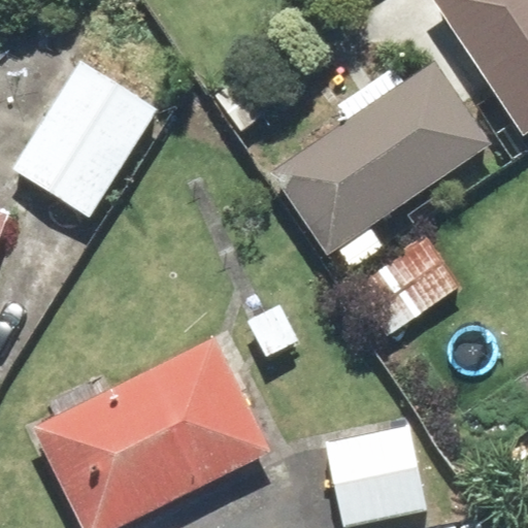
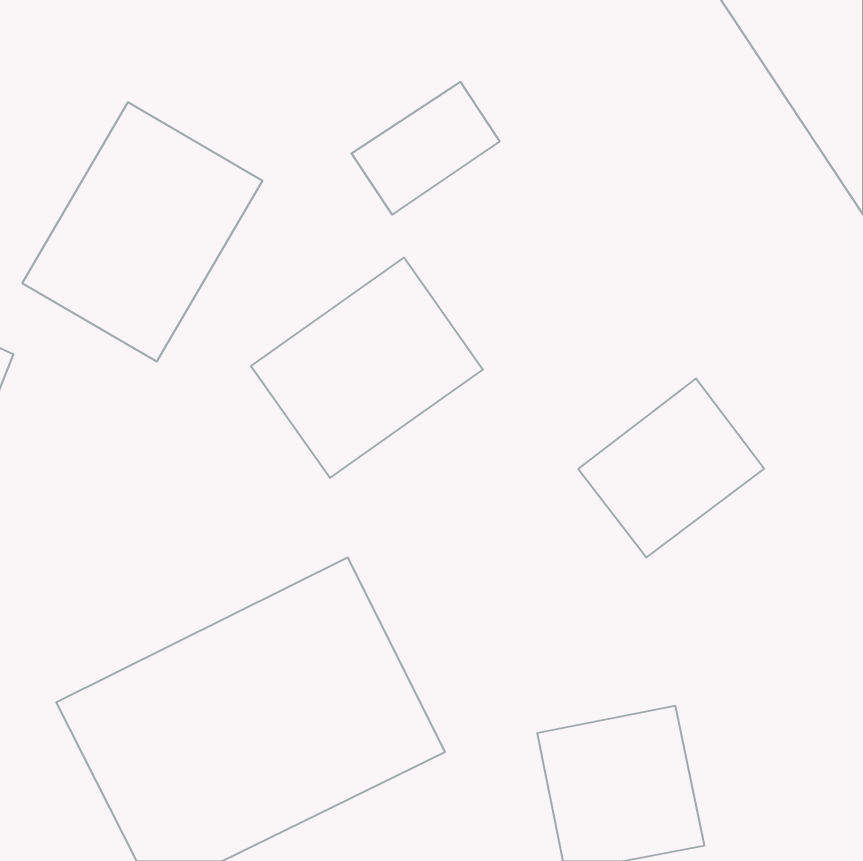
building: [269,60,488,265] -> none
building: none -> [251,258,483,478]

